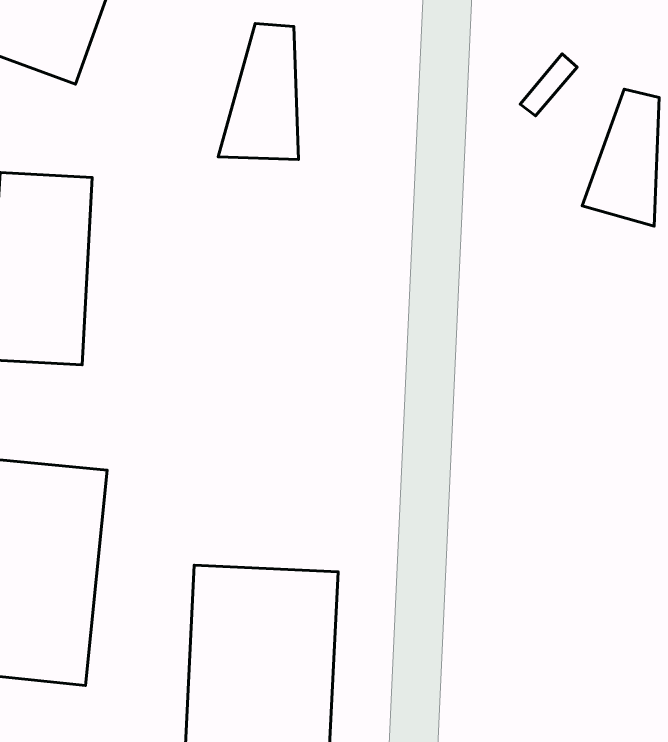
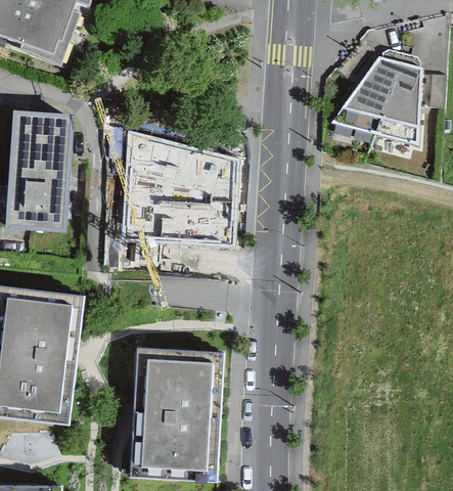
building: [218,24,299,160] -> none
building: none -> [328,56,399,133]
building: none -> [120,127,237,247]

